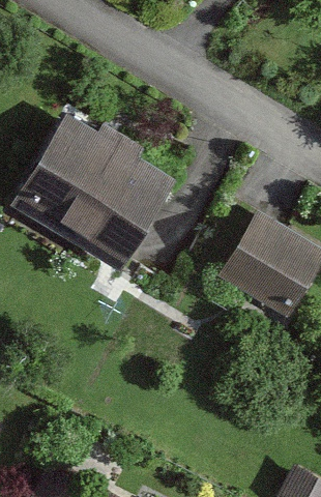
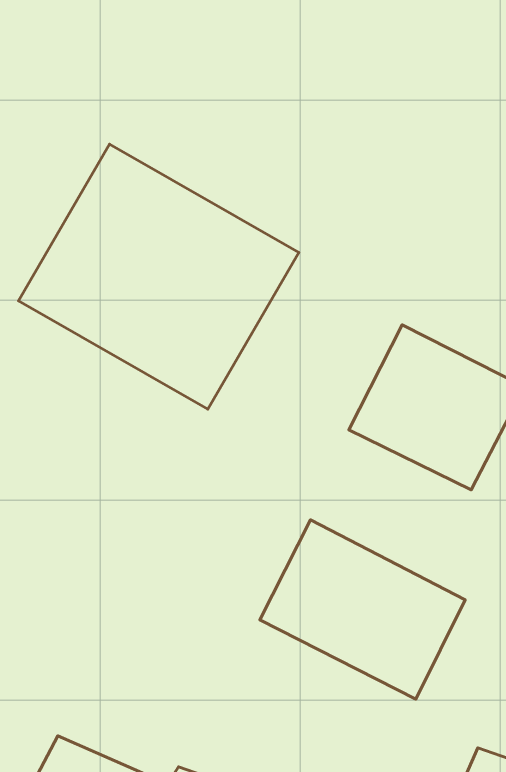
building: none -> [260,520,465,699]

